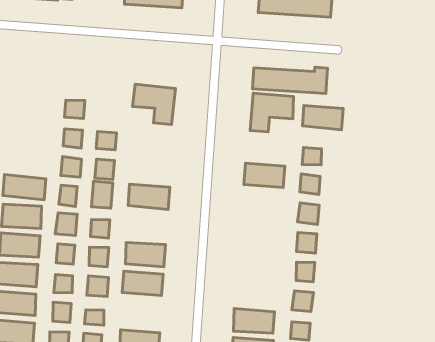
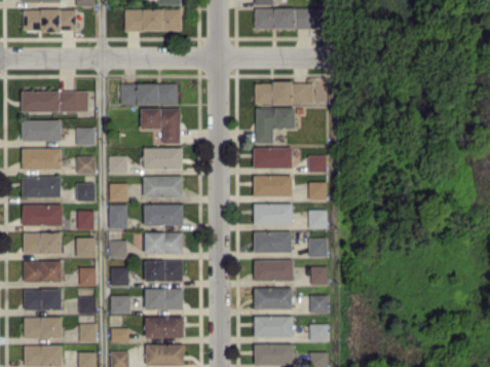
building: none -> [22,90,88,112]
building: none -> [120,83,178,105]
building: none -> [23,120,62,142]
building: [302,106,343,130] -> [254,148,292,169]
building: none -> [22,148,62,170]
building: none -> [144,148,183,169]
building: none -> [23,177,61,198]
building: none -> [144,176,183,197]
building: none -> [254,204,293,225]
building: none -> [145,232,183,254]
building: none -> [254,232,292,253]
building: none -> [254,260,294,282]
building: none -> [254,288,292,309]
building: none -> [145,317,184,338]

